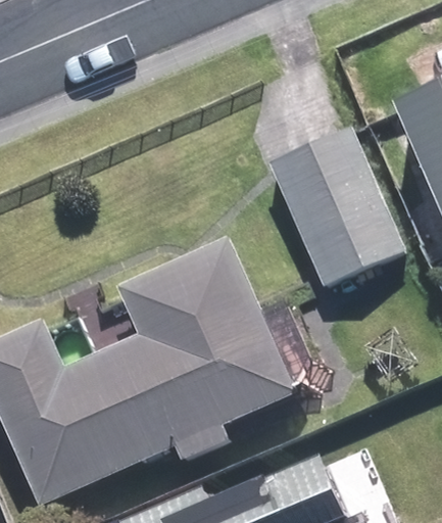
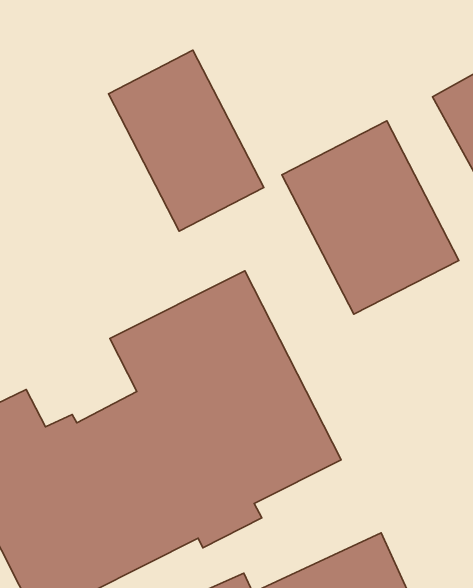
building: none -> [108,50,264,231]

